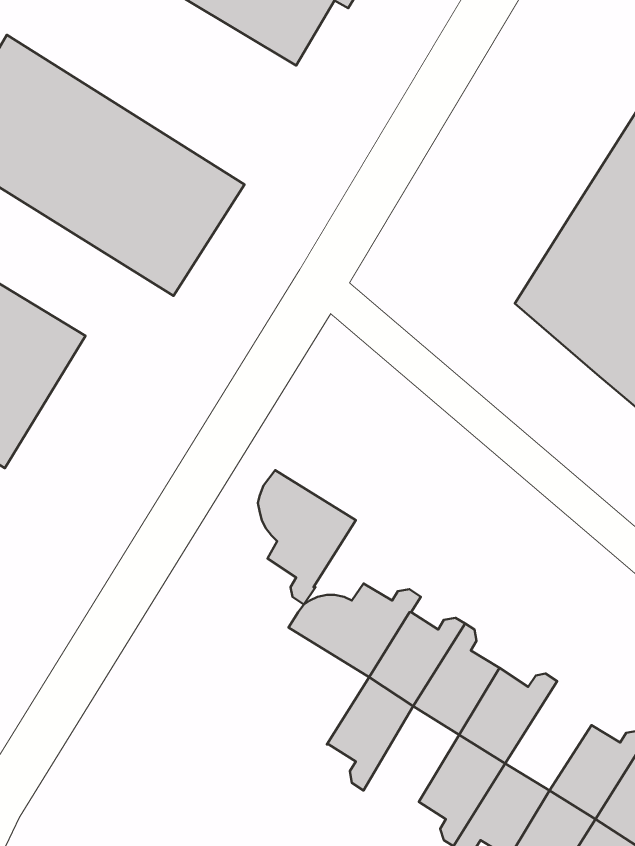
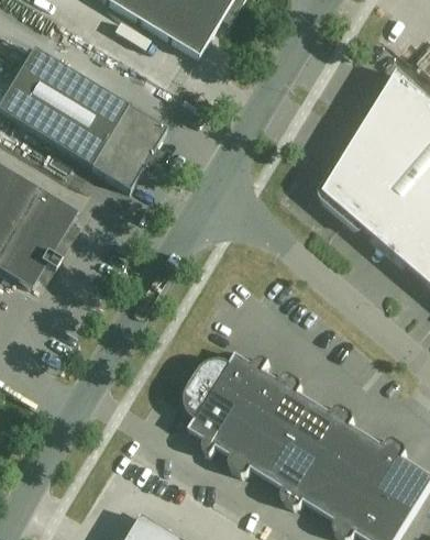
building: [258,470,356,604] -> [184,378,240,455]
building: none -> [318,409,367,472]
building: none -> [236,423,291,478]

